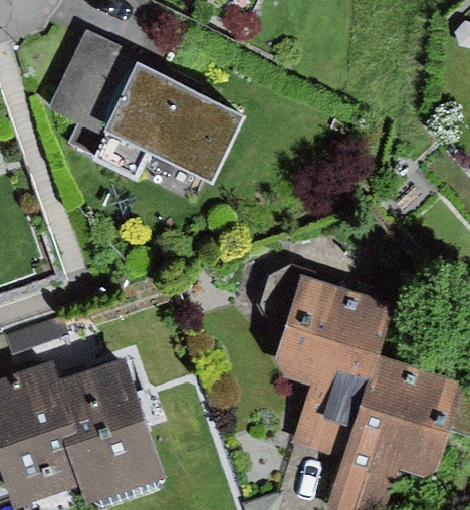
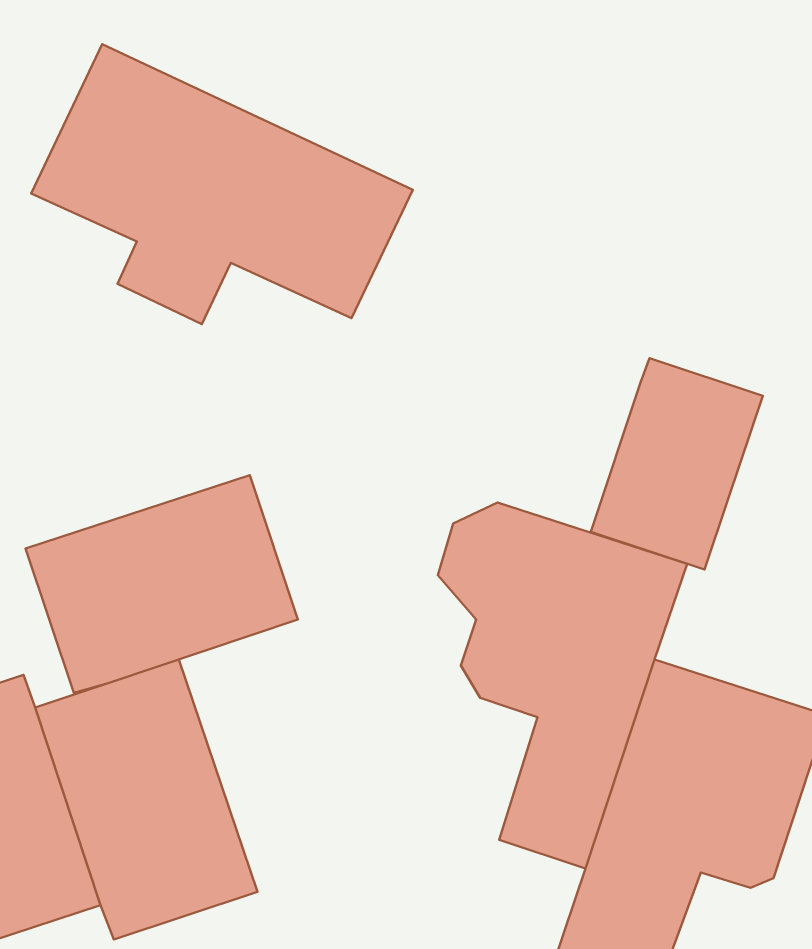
building: none -> [591,358,763,569]
building: none -> [26,475,298,693]

